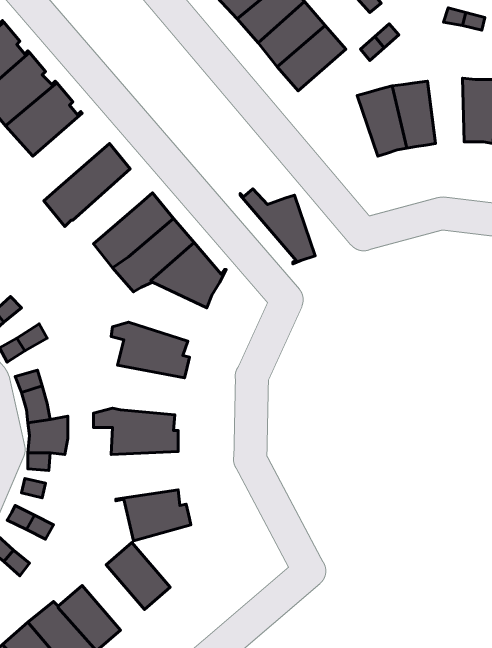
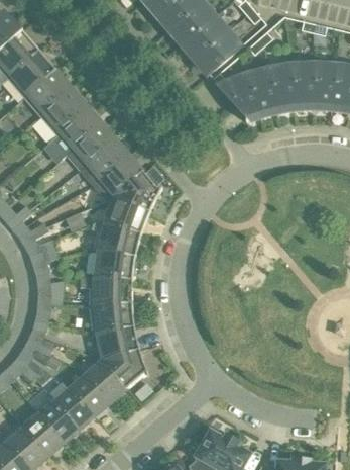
building: none -> [289,65,313,106]
building: none -> [40,87,89,134]
building: none -> [66,122,116,170]
building: [240,189,315,264] -> [211,72,258,119]
building: none -> [101,194,150,231]
building: none -> [94,247,136,278]
building: none -> [90,301,133,332]
building: none -> [103,348,149,387]
building: none -> [72,373,111,414]

